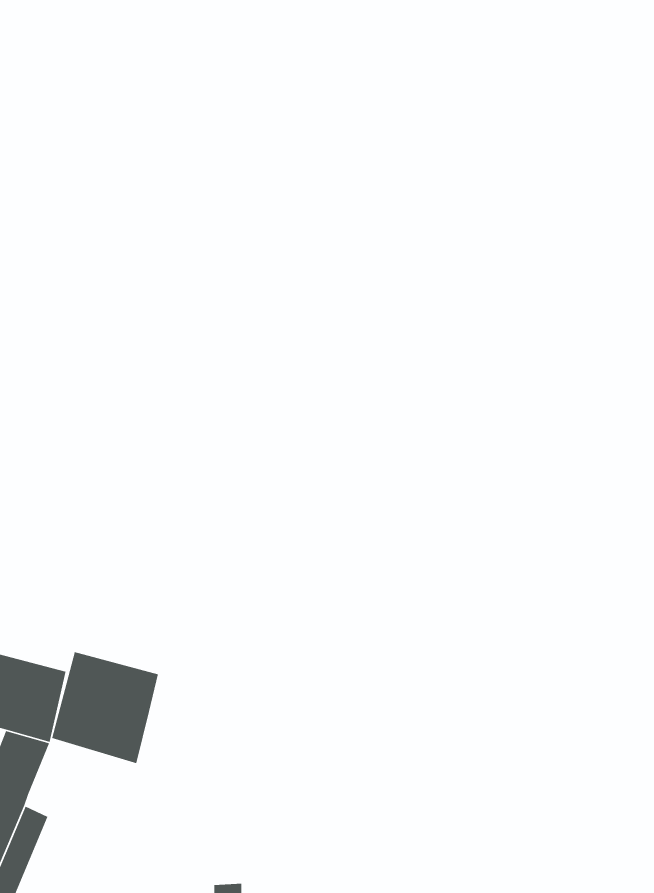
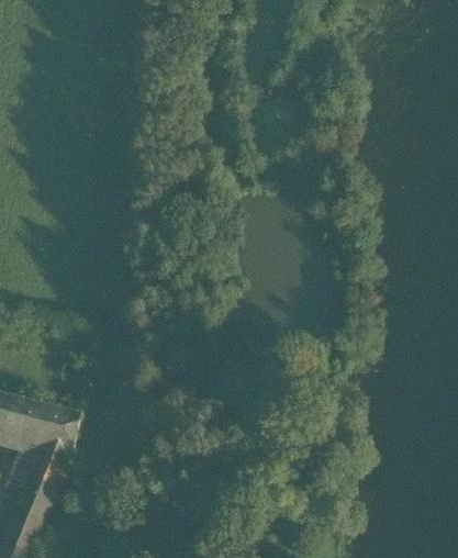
building: [51,651,159,764] -> none

